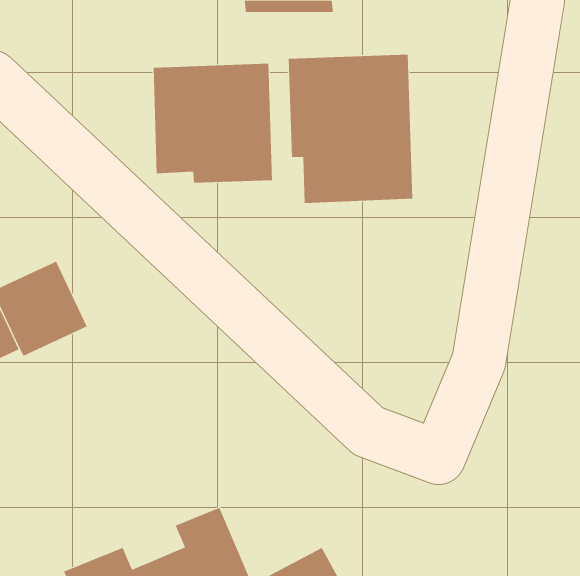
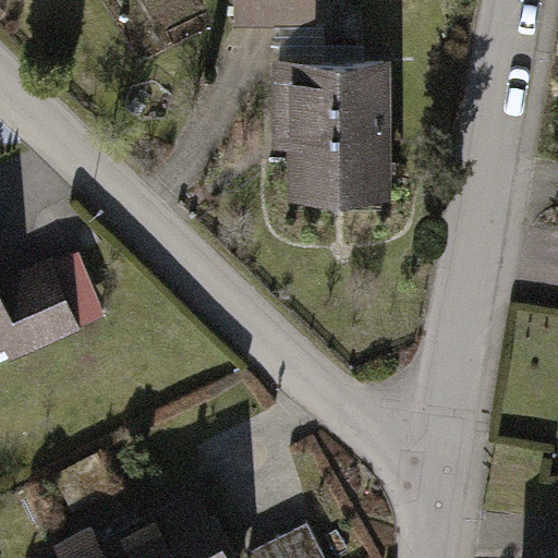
building: [153,63,272,184] -> none

